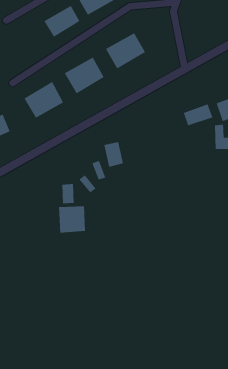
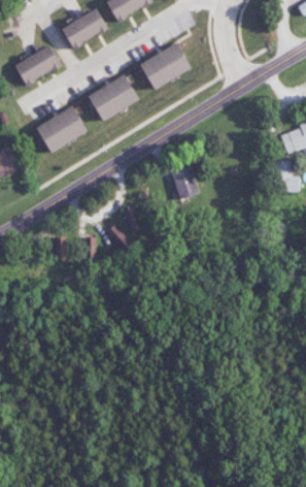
building: none -> [13,45,60,86]
building: [183,103,213,126] -> none
building: [103,142,124,168] -> [171,166,197,199]
building: [58,205,86,233] -> none

